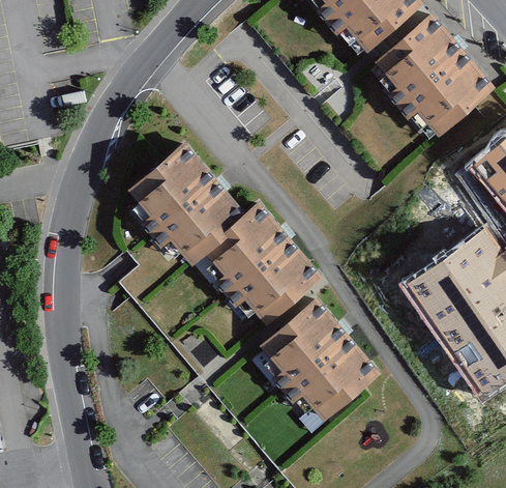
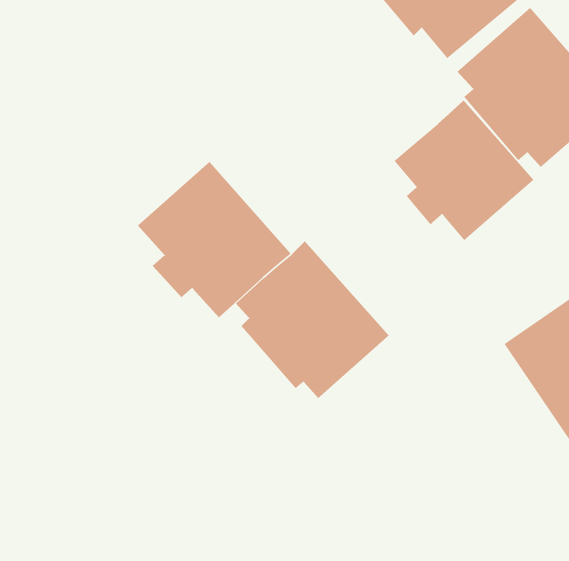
building: none -> [394,99,535,241]
building: [259,296,377,418] -> none

